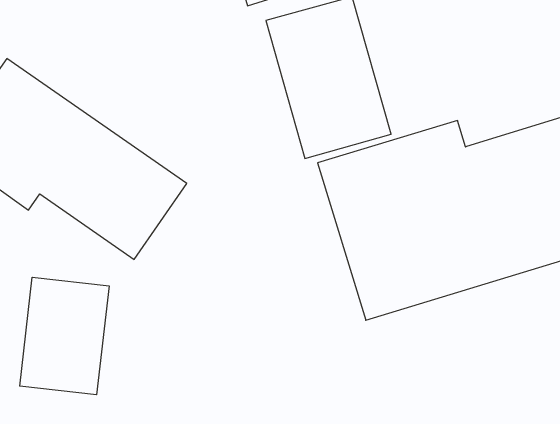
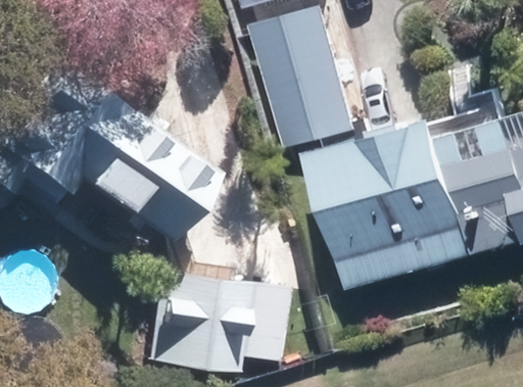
building: [20,277,109,395] -> none
building: none -> [136,275,271,372]

